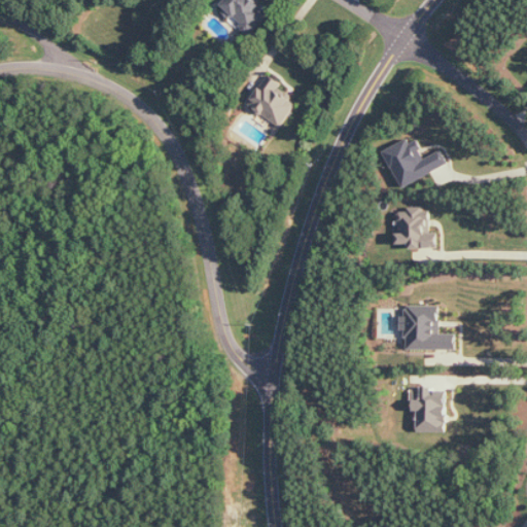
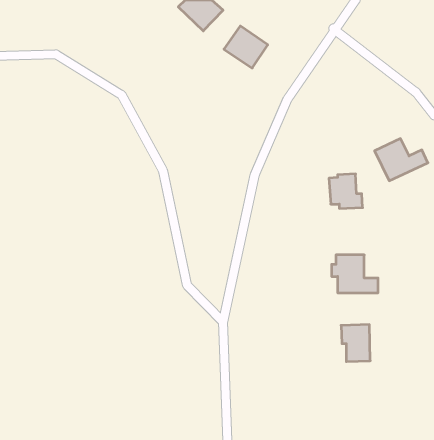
building: [243,77,295,128] -> [224,26,268,68]
building: [380,137,444,187] -> [375,139,428,181]

